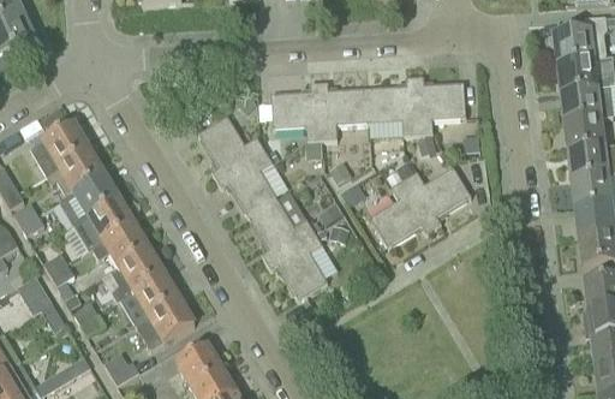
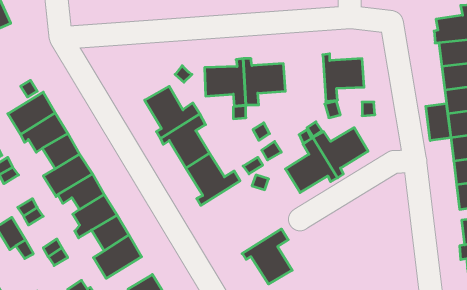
building: [368,78,419,136] -> none
building: none -> [426,103,451,141]
building: [267,232,328,299] -> [242,229,292,284]

